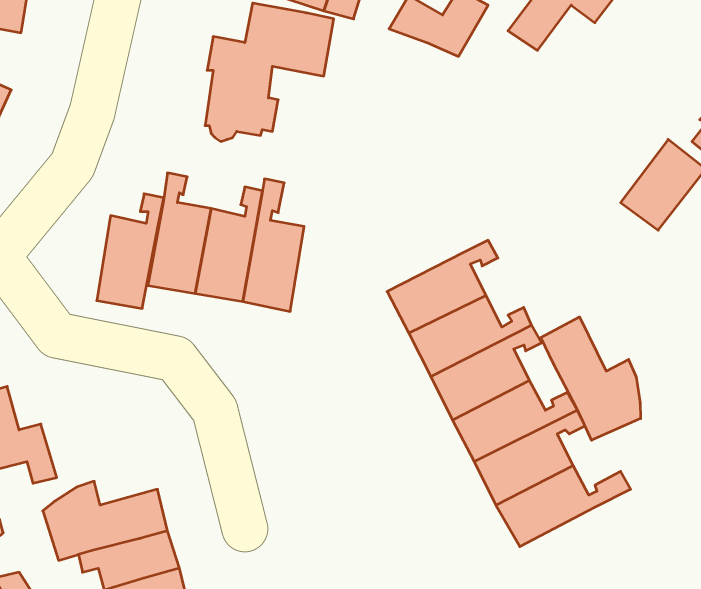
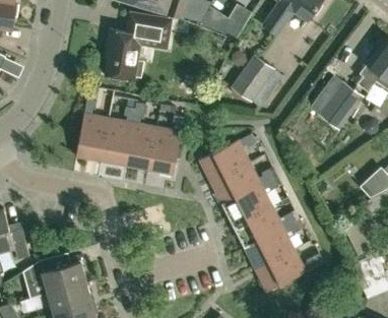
building: none -> [231,54,282,107]
building: [97,194,164,308] -> [149,115,184,174]
building: [541,317,641,440] -> none

